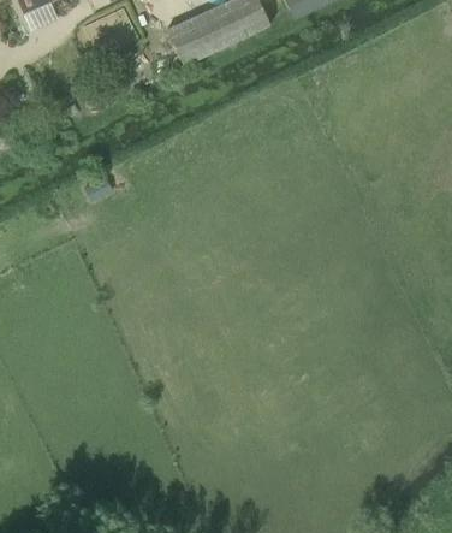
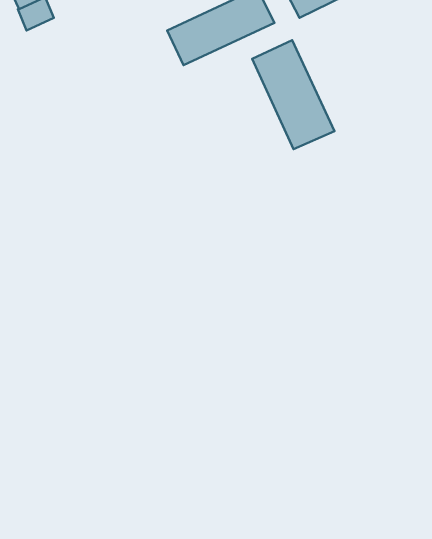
building: none -> [252,40,335,149]

